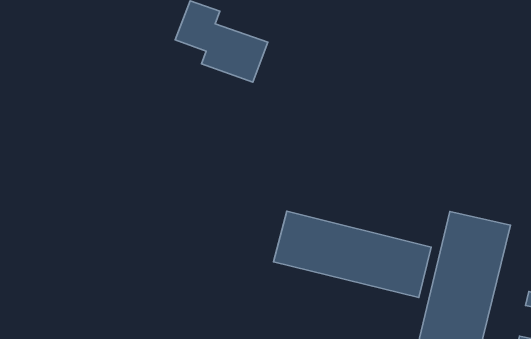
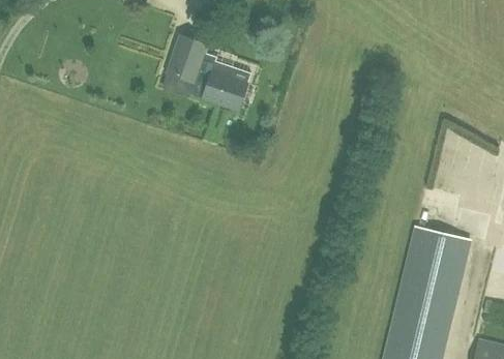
building: [273,211,431,298] -> none

